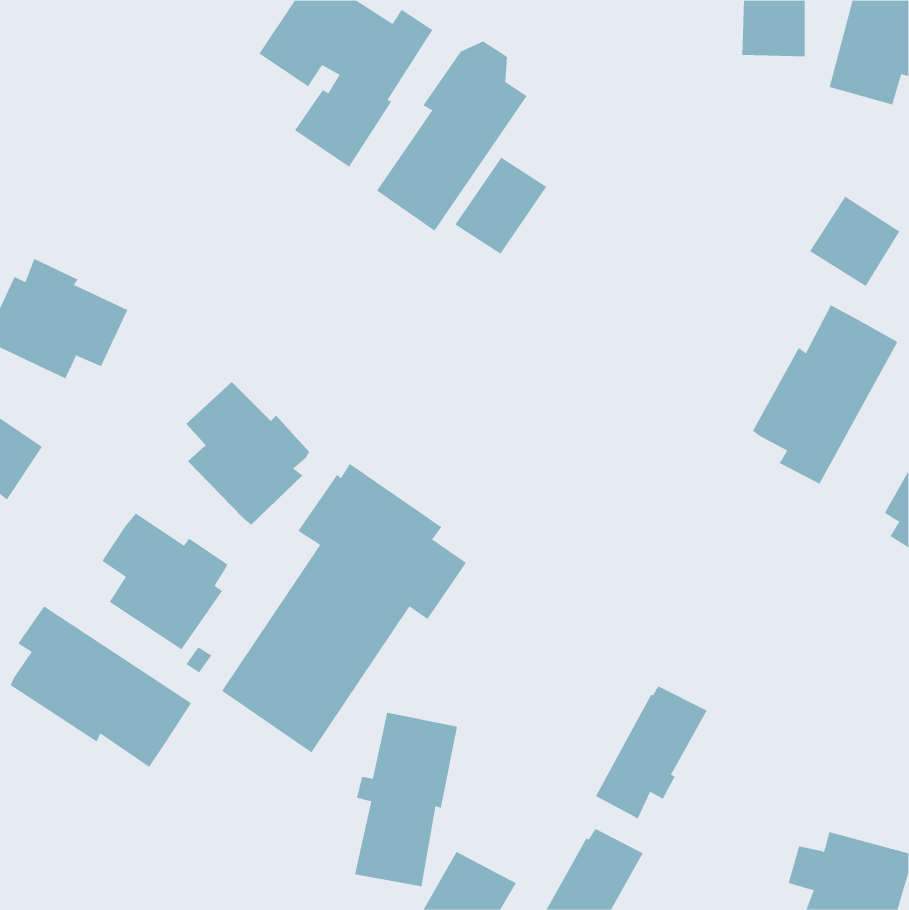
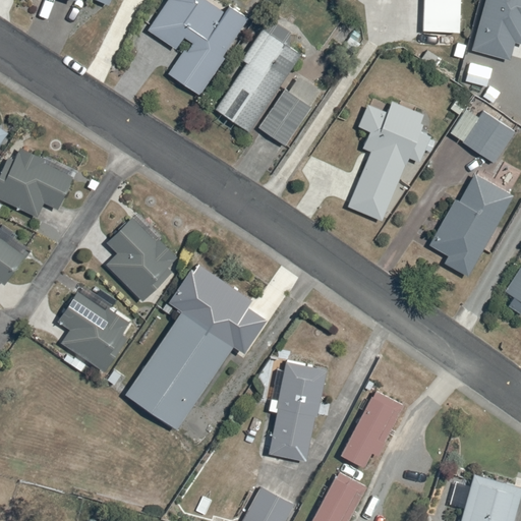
building: none -> [348,103,435,222]
building: [10,606,192,768] -> none
building: [354,712,458,887] -> [268,361,327,461]

